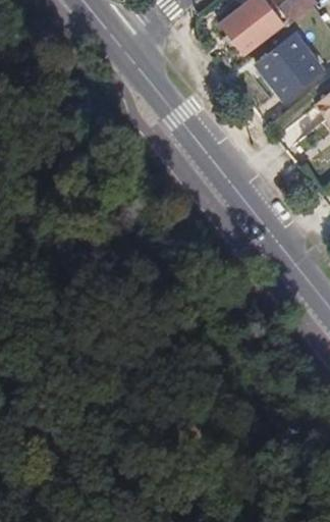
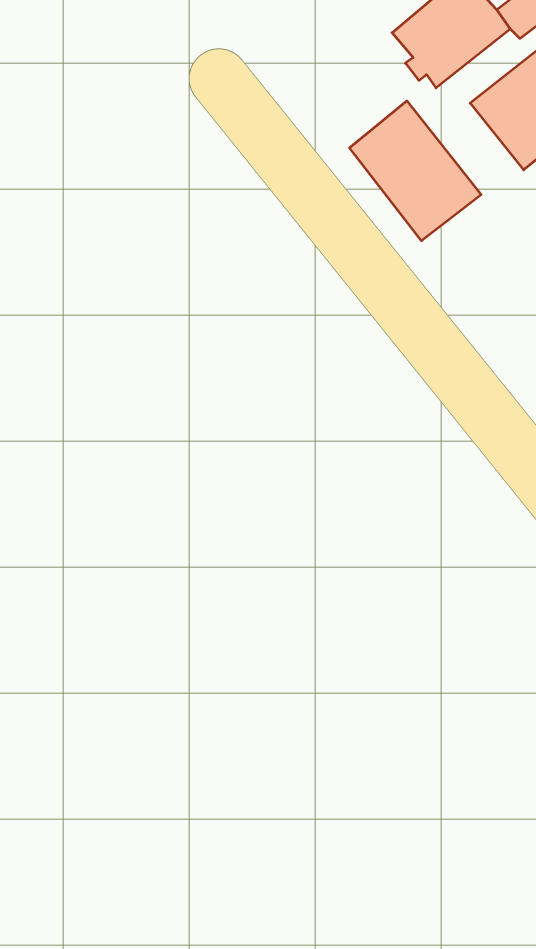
building: none -> [350,101,481,241]

